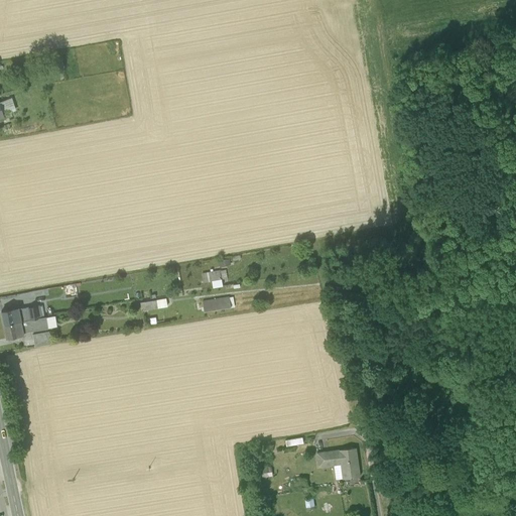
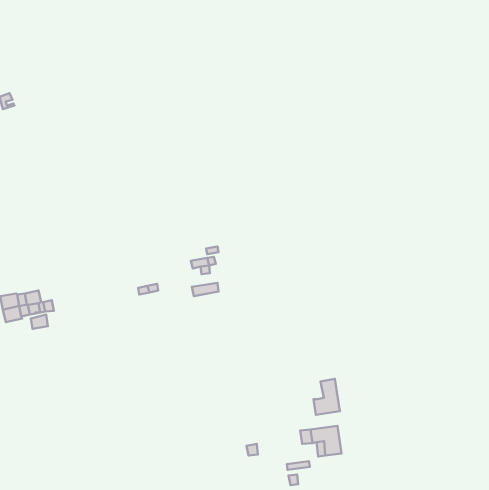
building: none -> [313,379,340,415]

